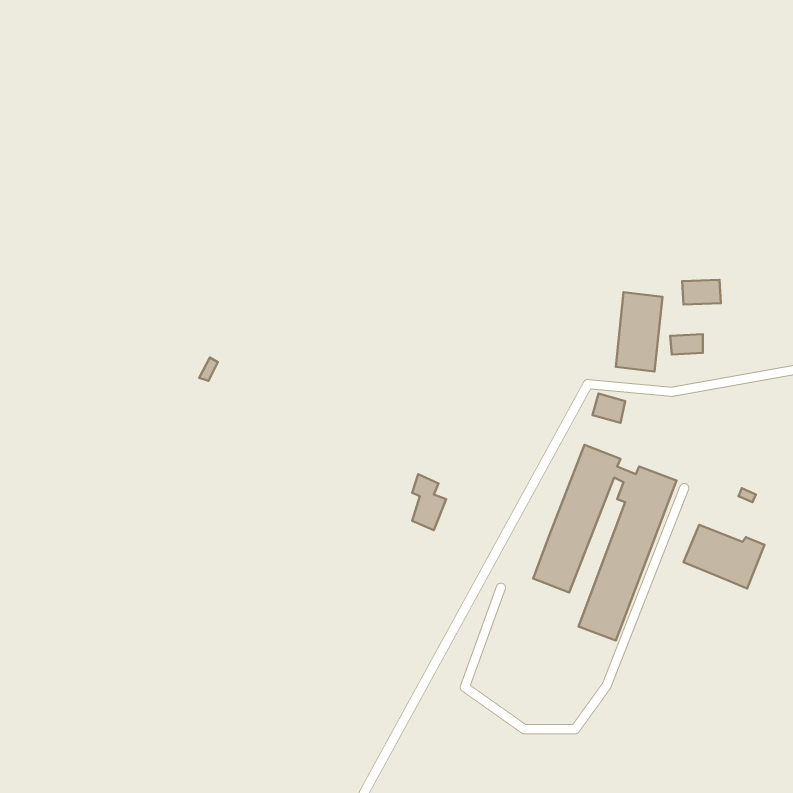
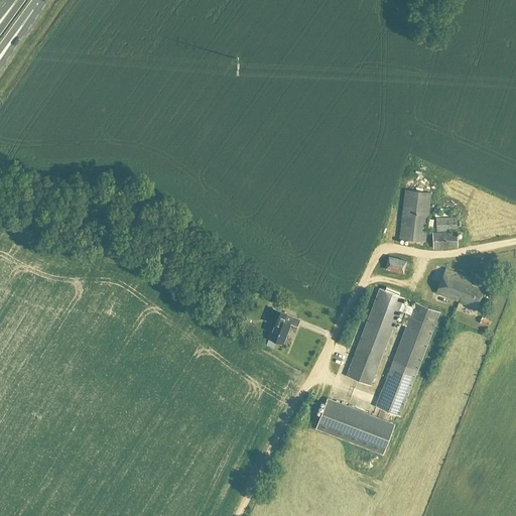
building: [682,280,721,305] -> [431,232,457,248]
building: [684,525,764,588] -> [434,268,487,309]
building: none -> [315,398,393,454]

